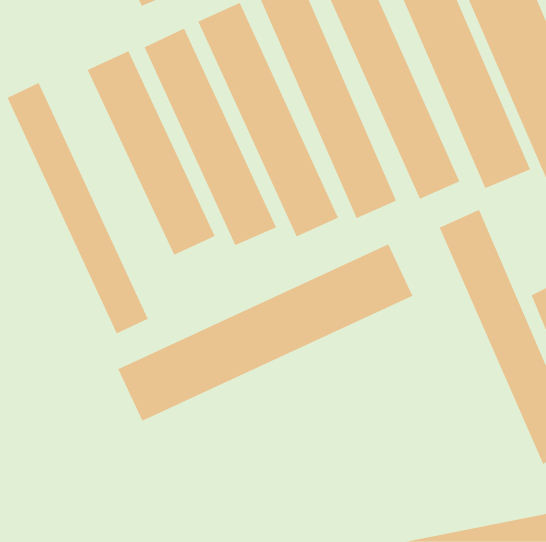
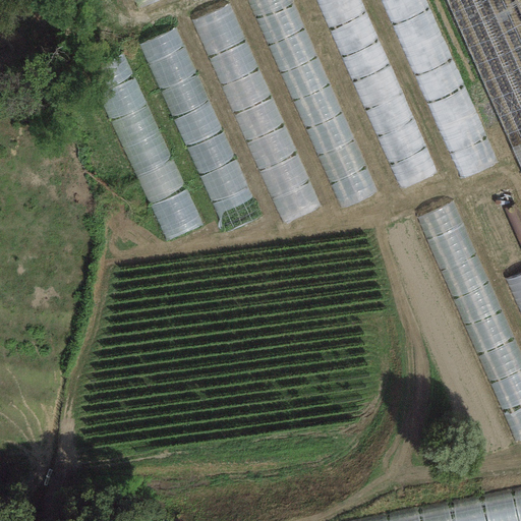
building: [7,82,148,334] -> none
building: [117,243,413,422] -> none

